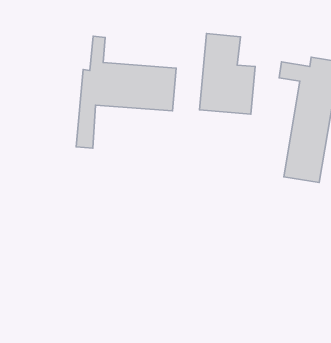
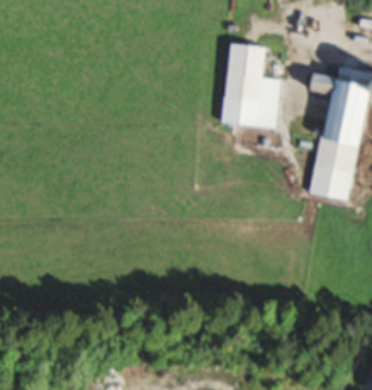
building: [76,36,176,148] -> none

